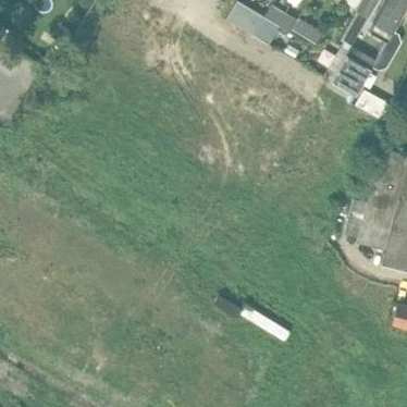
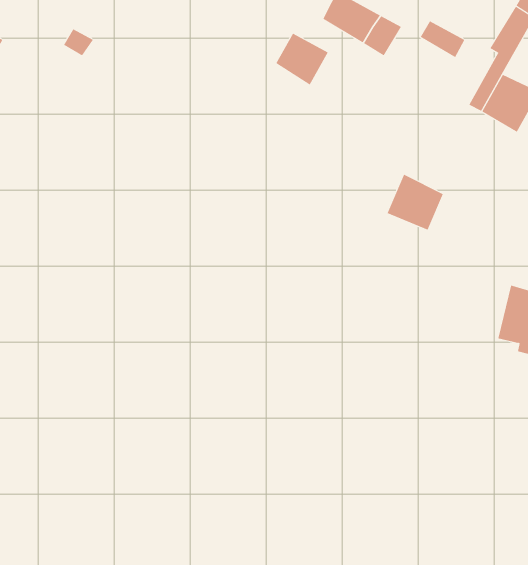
building: none -> [276,33,329,85]
building: none -> [387,174,444,230]

